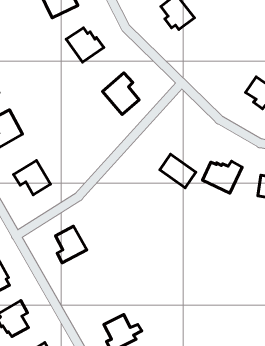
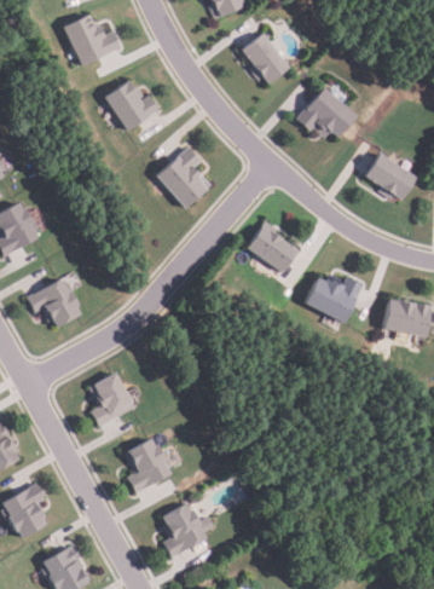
building: none -> [297,86,357,138]
building: [160,154,196,188] -> [248,224,301,273]
building: none -> [123,438,170,495]

